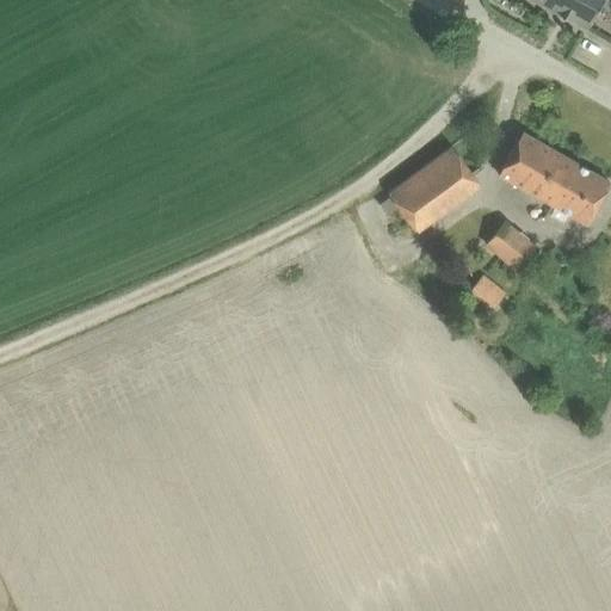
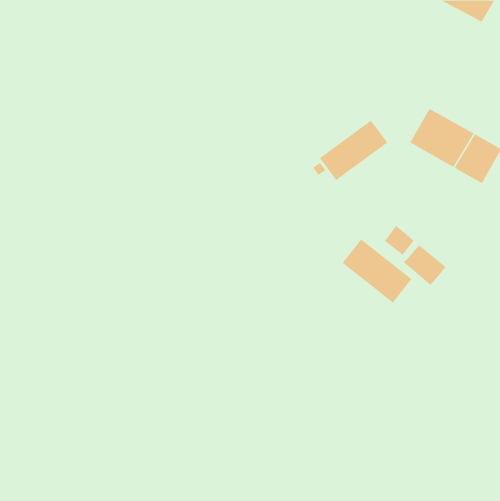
building: [488,222,541,272] -> [403,244,446,286]
building: none -> [342,239,412,303]

